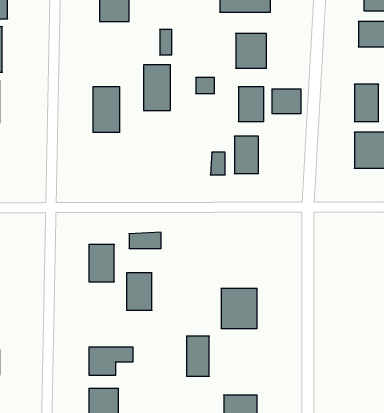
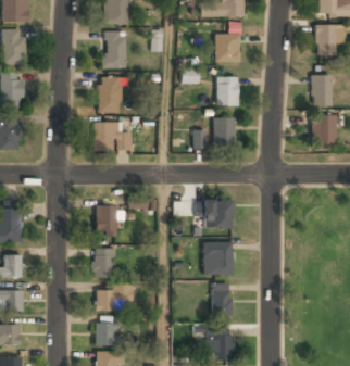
building: [144,65,170,110] -> [104,31,126,68]
building: [272,89,301,114] -> none
building: none -> [93,123,120,151]
building: none -> [196,200,234,228]
building: [127,273,152,310] -> [92,248,113,278]
building: [187,336,209,376] -> [213,282,232,315]

